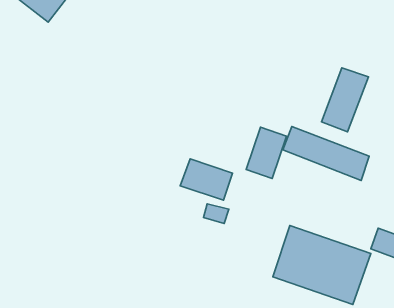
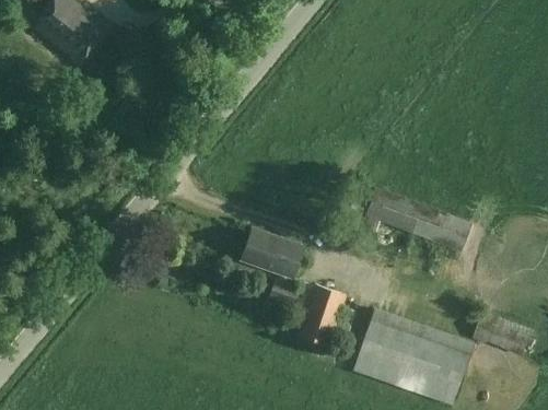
building: [321,68,369,132] -> none
building: [246,127,286,178] -> [296,284,346,347]

